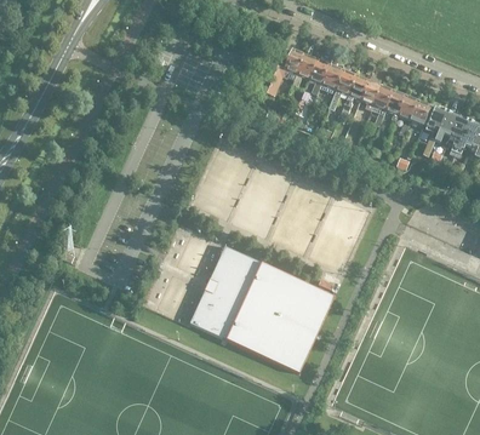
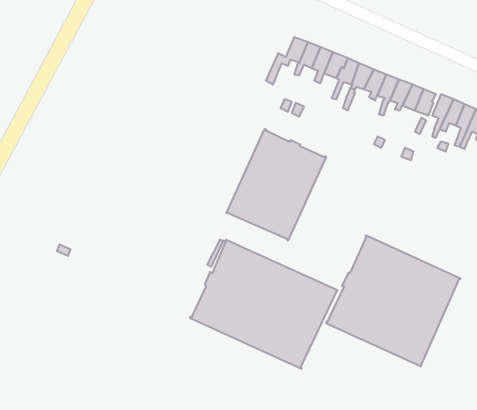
building: none -> [226,129,326,241]
building: none -> [326,235,461,366]

